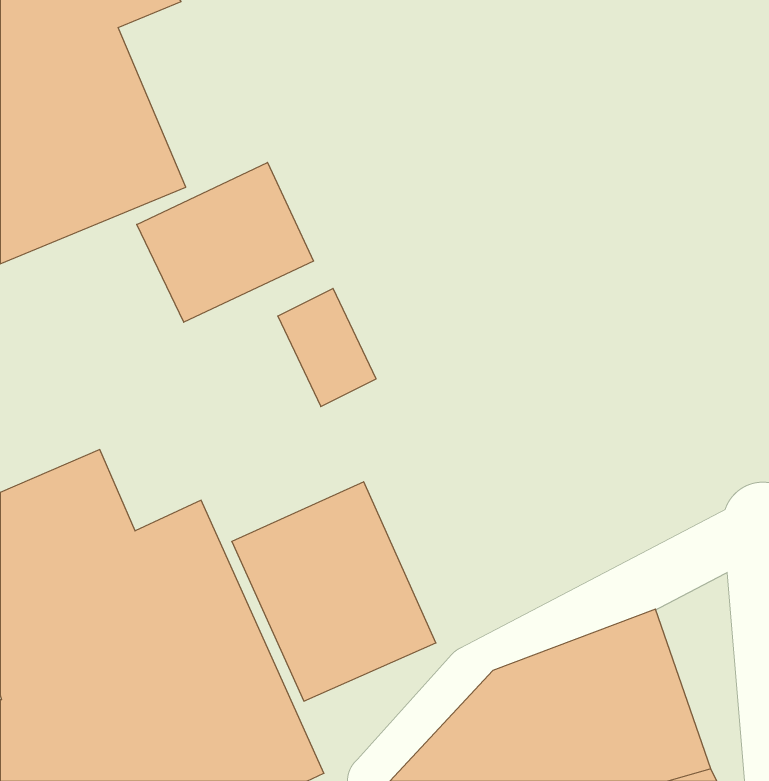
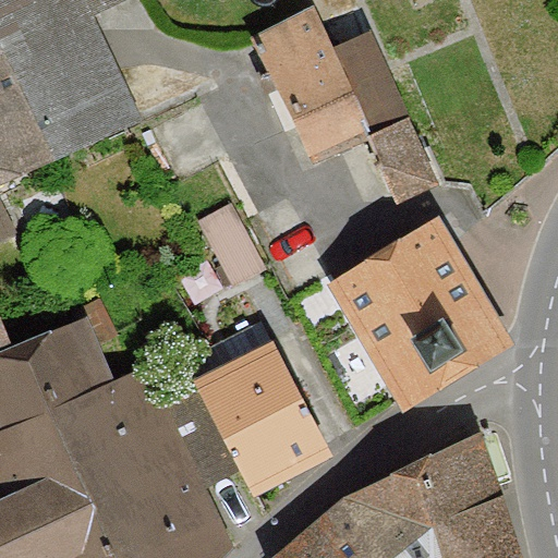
building: none -> [248,20,436,217]
building: [137,162,314,322] -> none
building: none -> [320,213,518,410]

